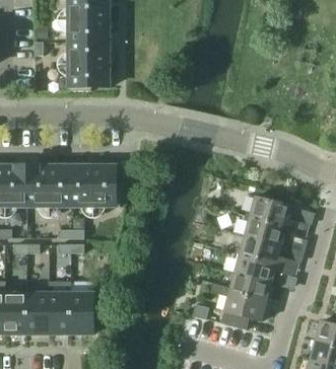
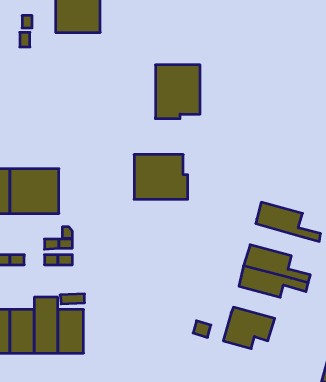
building: [68,42,109,90] -> [155,65,200,119]
building: [71,165,120,206] -> [134,155,188,199]
building: [245,215,308,244] -> none
building: [209,272,272,301] -> none

